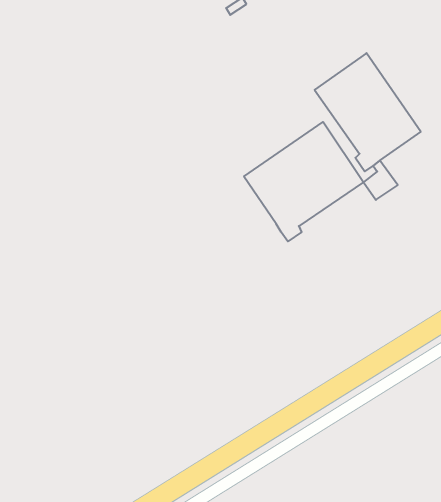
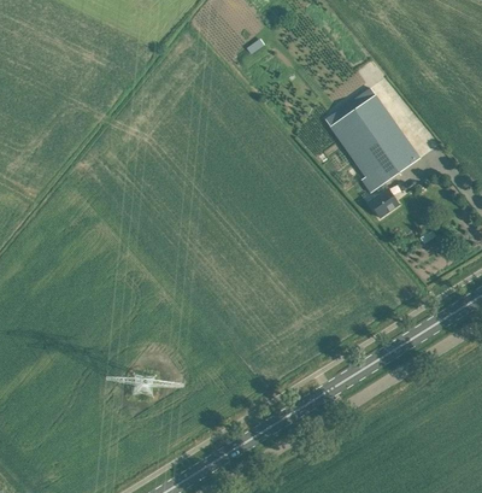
building: [244,122,364,241] -> none

